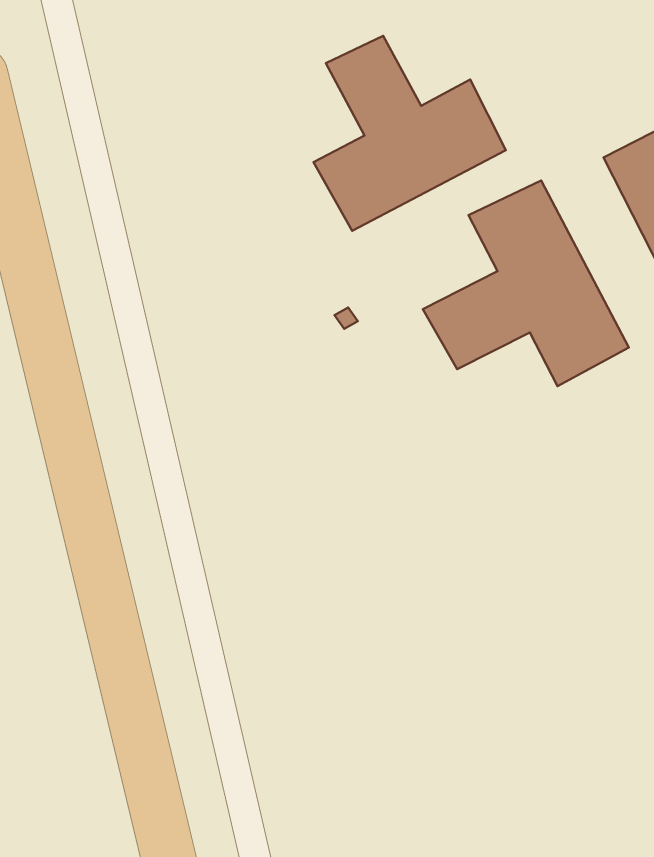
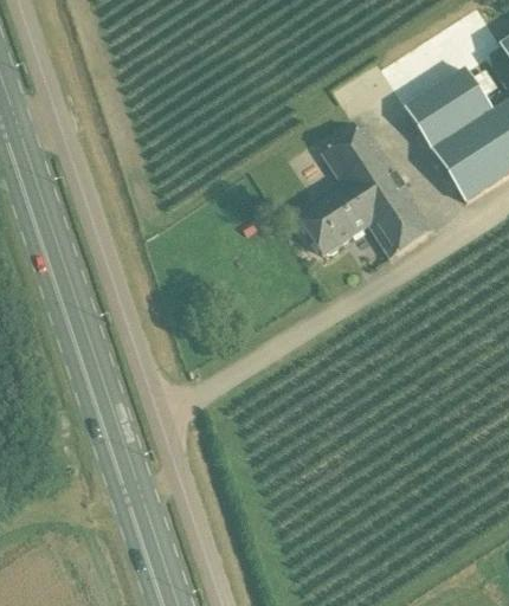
building: [313,36,506,231] -> none

